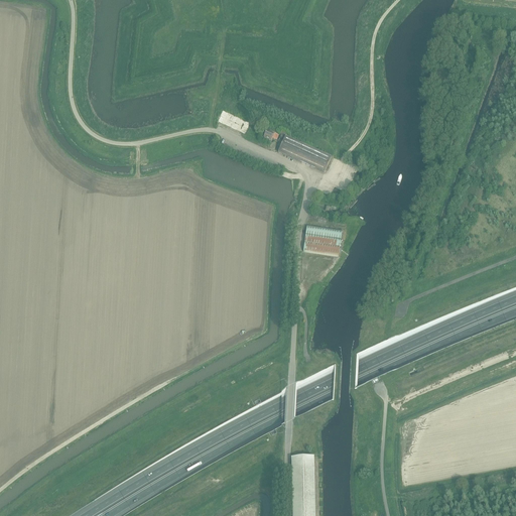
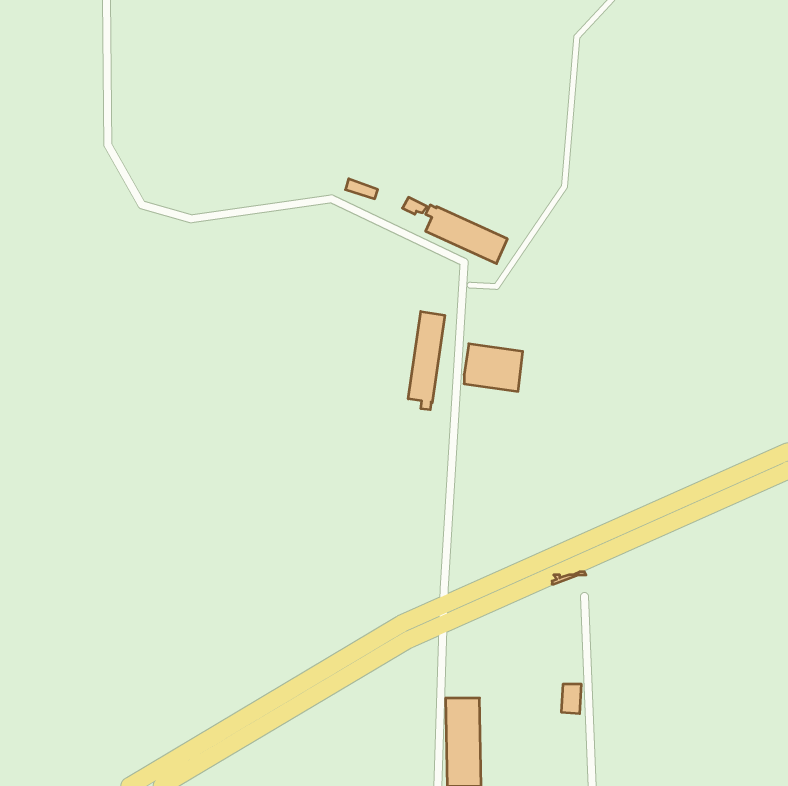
building: none -> [408,311,445,410]

